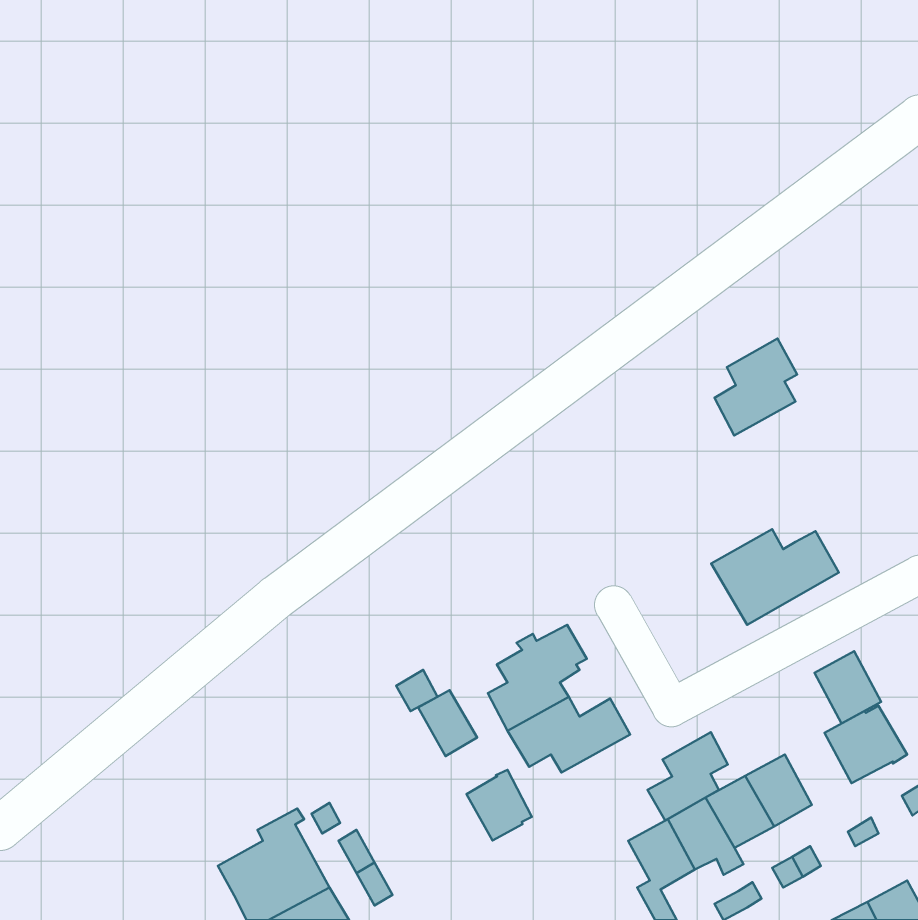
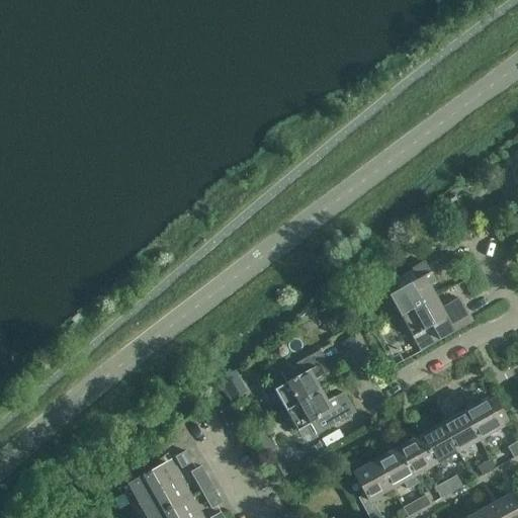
building: [714,338,797,436] -> [390,262,436,317]
building: [815,651,881,723] -> [442,412,480,452]
building: [418,690,477,756] -> none
building: [647,732,728,821] -> none
building: [467,770,532,841] -> none

